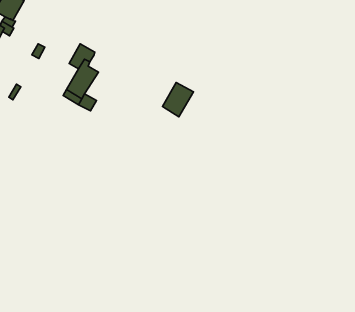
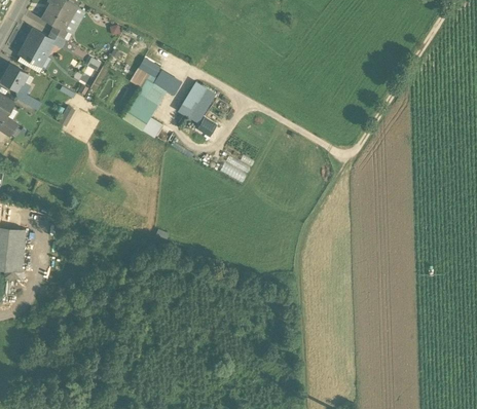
building: none -> [153,71,182,97]
building: [162,82,194,117] -> [179,83,216,124]

